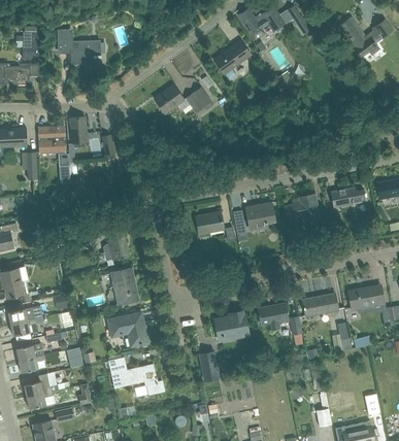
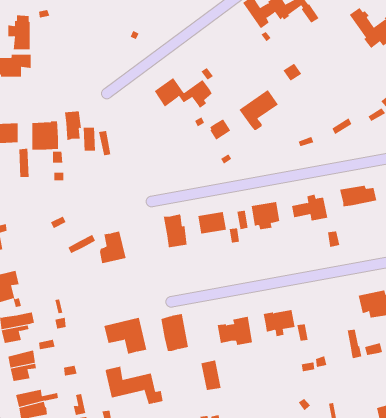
building: [58,28,101,65] -> none
building: [213,40,252,79] -> [239,89,279,131]
building: none -> [163,213,187,248]
building: [111,267,138,303] -> [161,313,189,352]
building: [302,293,338,316] -> none

